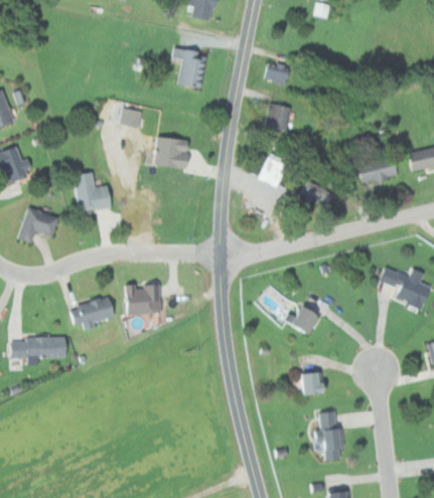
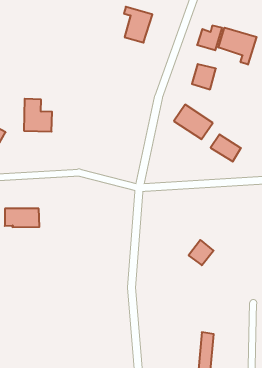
building: none -> [218,28,257,65]
building: [120,106,142,127] -> none
building: [154,137,189,167] -> none
building: [126,285,155,315] -> none
building: [303,373,323,394] -> none

